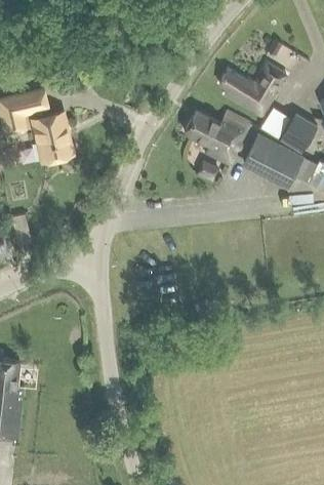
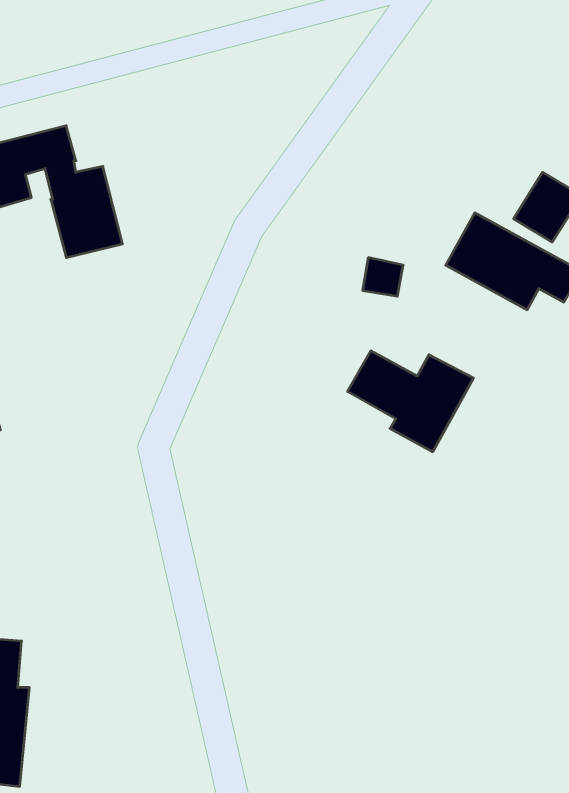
building: [217,64,285,116] -> none
building: [183,109,249,162] -> [348,351,473,452]

